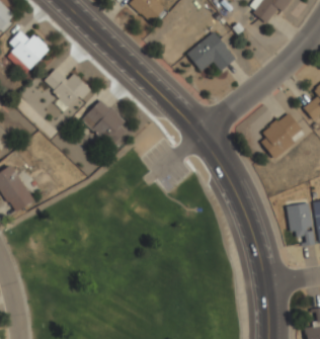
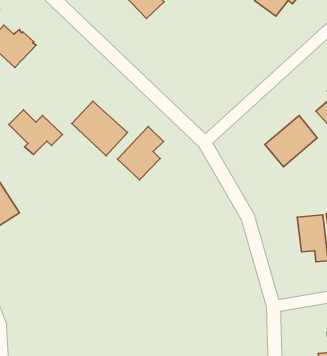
building: [187,31,236,71] -> none
building: [44,68,92,108] -> [9,110,62,155]
building: none -> [118,127,163,180]

